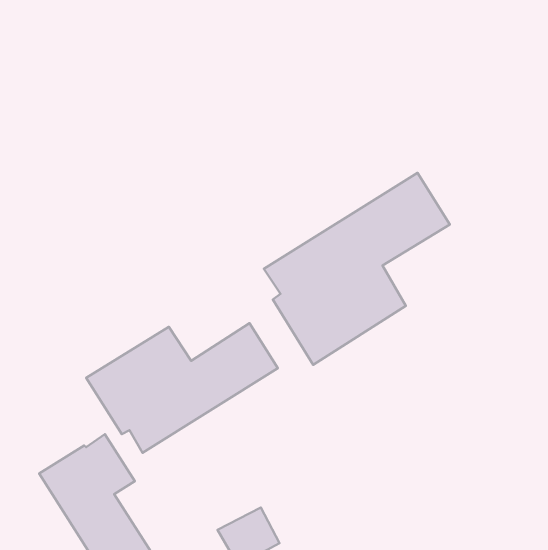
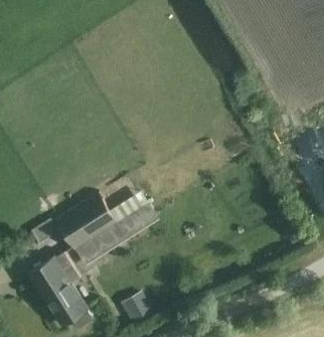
building: [264,173,450,365] -> none

